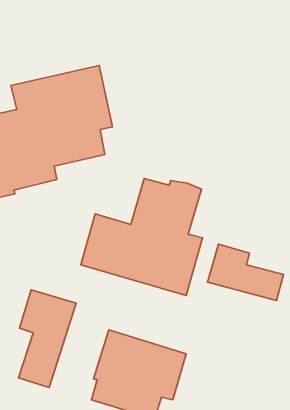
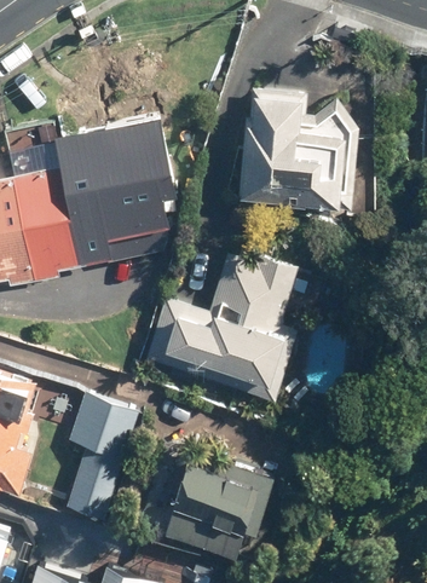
building: none -> [235,92,362,212]
building: [208,244,283,301] -> none

